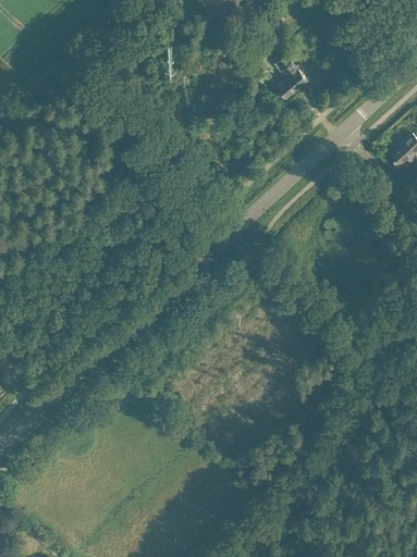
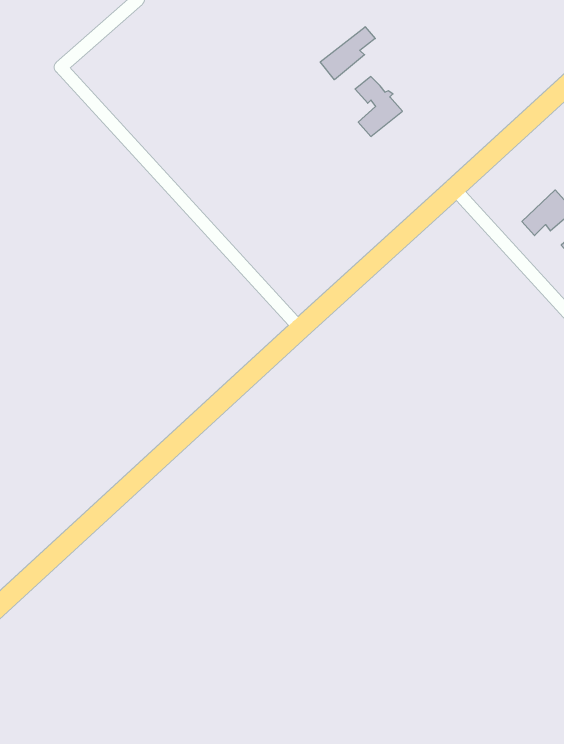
building: none -> [320,27,375,80]

